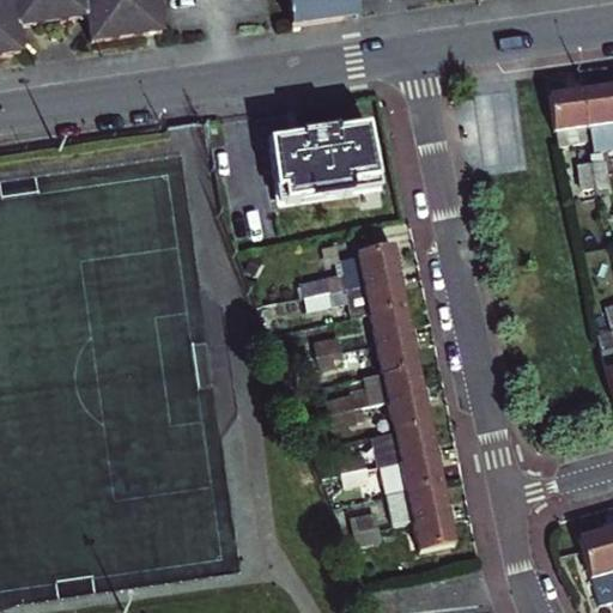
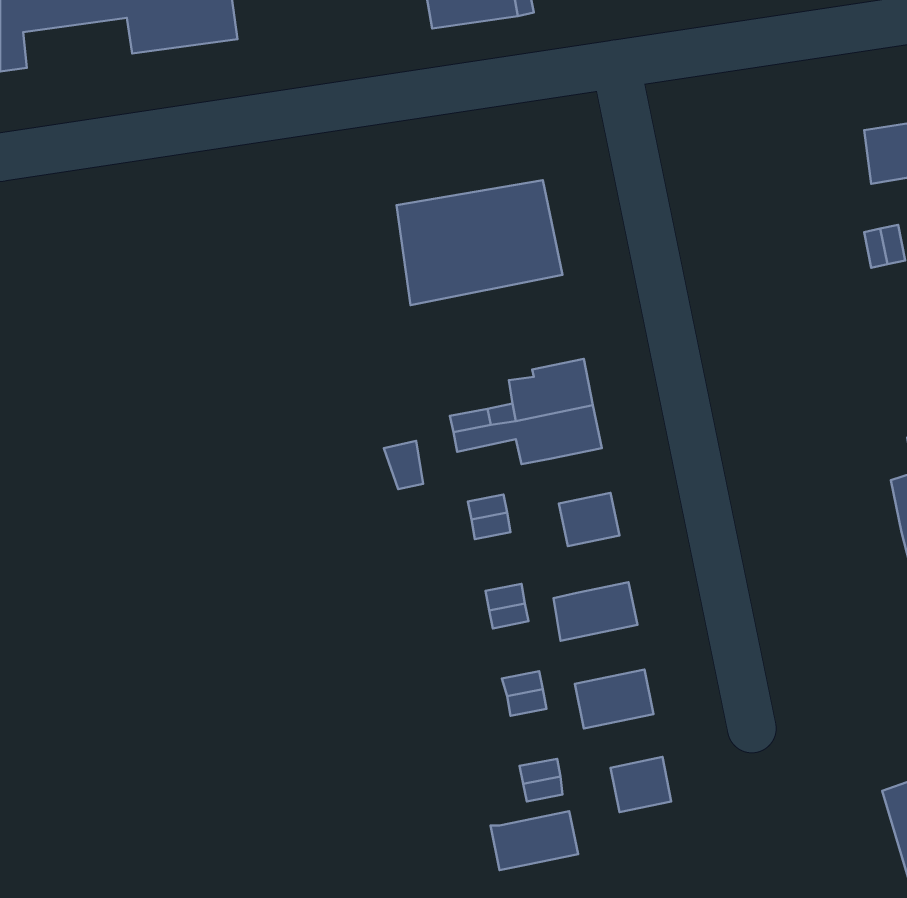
building: [553,87,591,142] -> none
building: [372,301,413,338] -> none
building: [384,359,425,397] -> none
building: [380,419,436,459] -> none
building: [389,479,448,518] -> [491,811,578,870]

